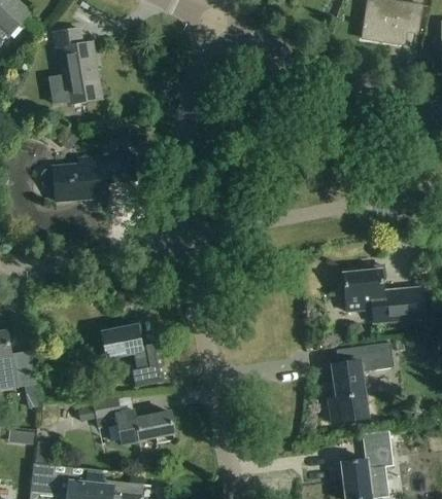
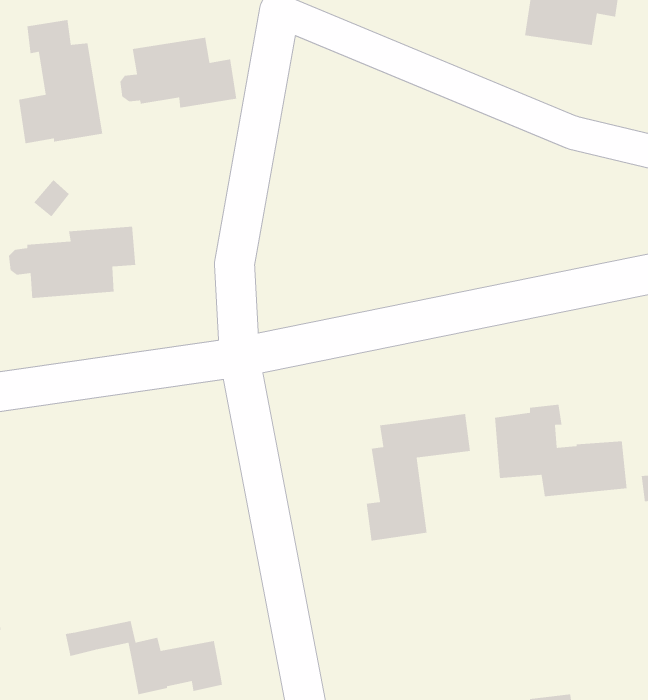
building: none -> [120,37,237,108]
building: [100,323,164,386] -> none
building: [329,344,394,423] -> [366,413,471,541]

